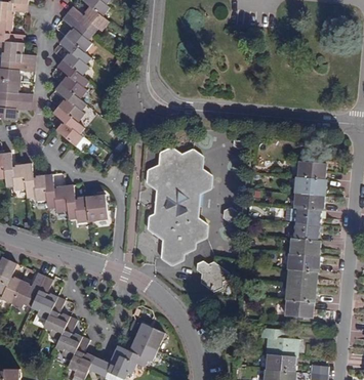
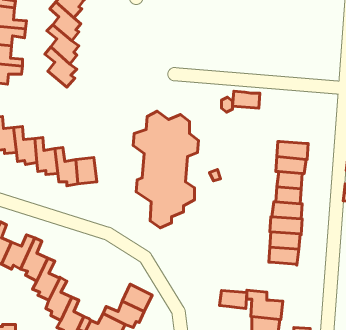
building: [54,105,85,144] -> none
building: [295,162,323,179] -> [233,91,260,108]
building: [197,261,230,291] -> none
building: [284,300,312,319] -> [220,290,247,309]

